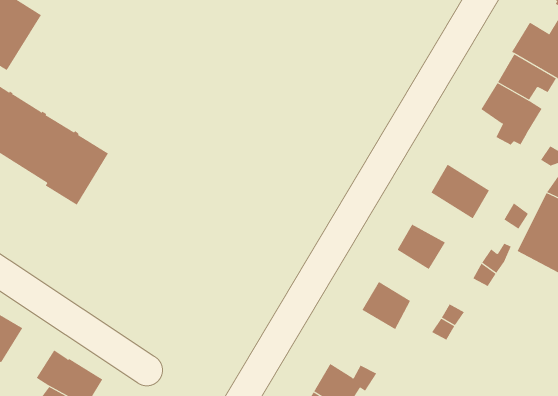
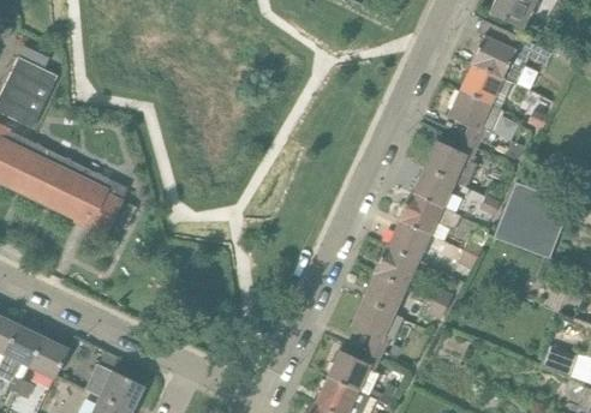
building: none -> [424,139,478,187]
building: none -> [396,192,461,240]
building: none -> [372,245,418,289]
building: none -> [350,301,394,355]

